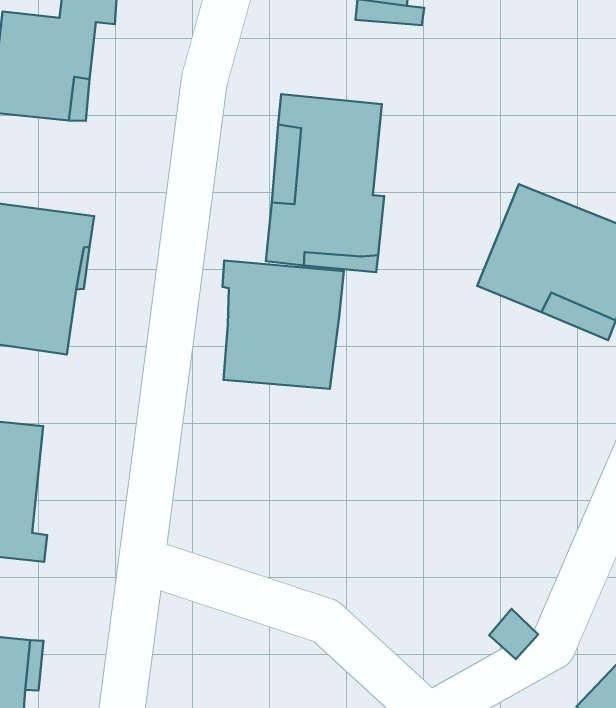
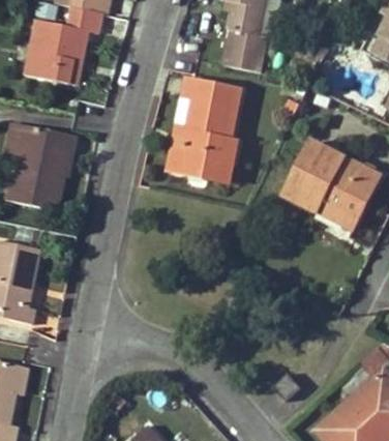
building: none -> [225,41,266,71]
building: [223,261,344,389] -> none

